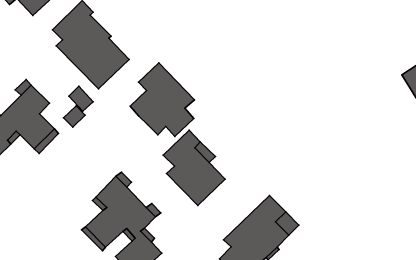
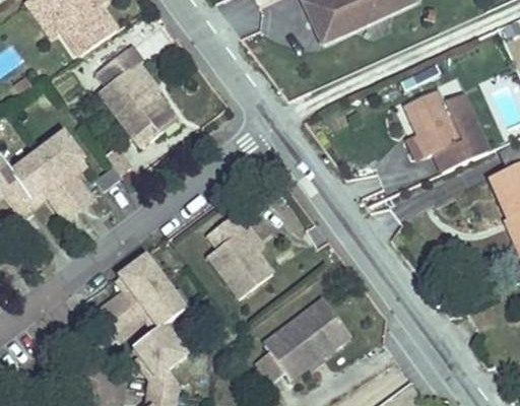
building: none -> [403,90,488,172]
building: [130,63,195,137] -> none

